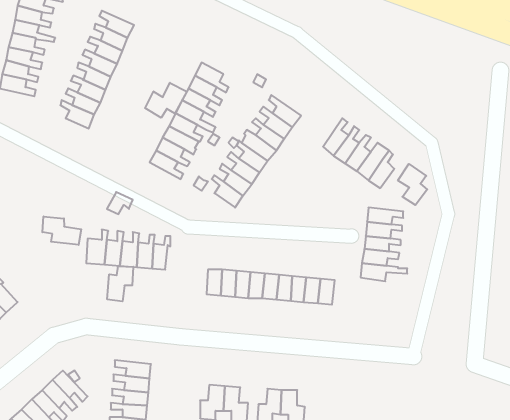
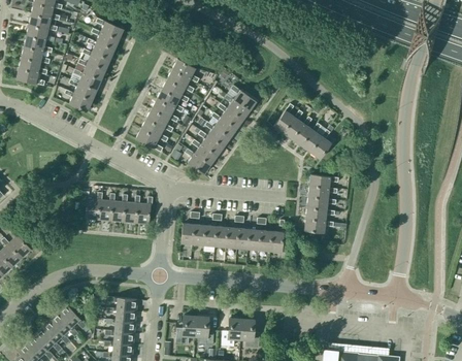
building: [145,83,187,118] -> none
building: [398,164,427,205] -> none
building: [42,216,81,245] -> none
building: [107,266,133,301] -> none

